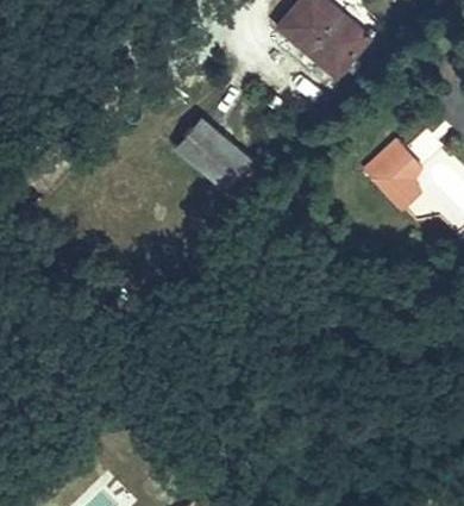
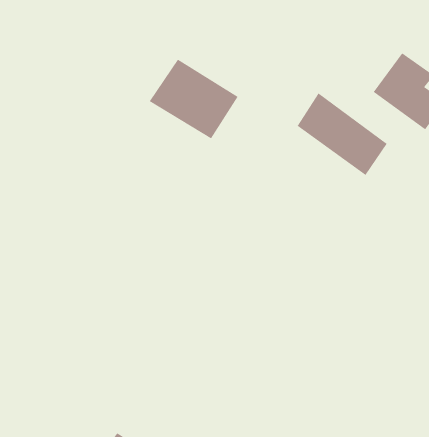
building: none -> [297,93,388,176]

